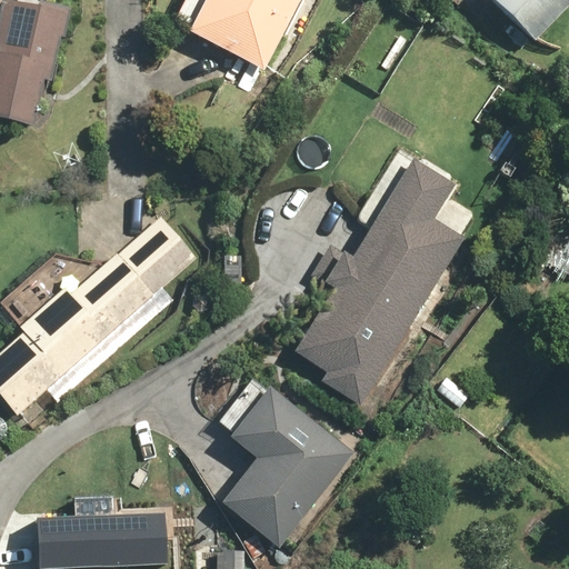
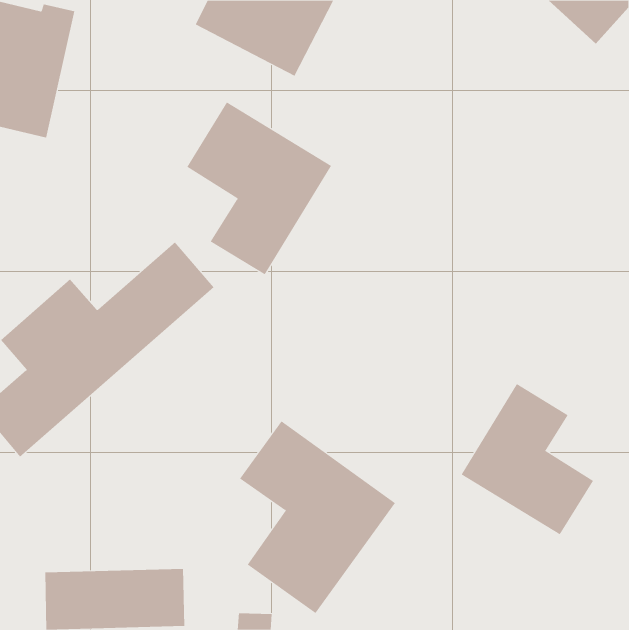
building: none -> [186,101,332,275]
building: [296,162,463,409] -> none
building: none -> [461,383,594,535]

